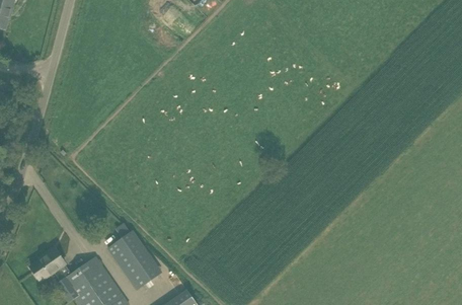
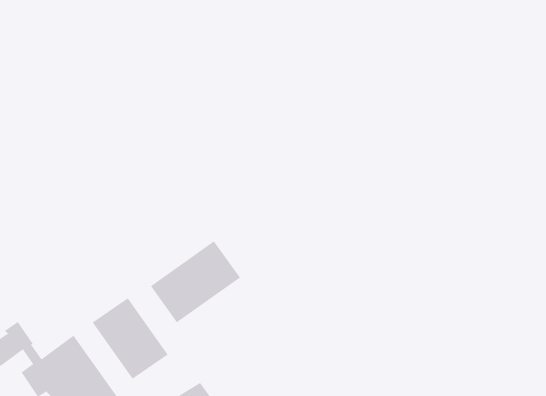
building: none -> [150,241,241,323]

